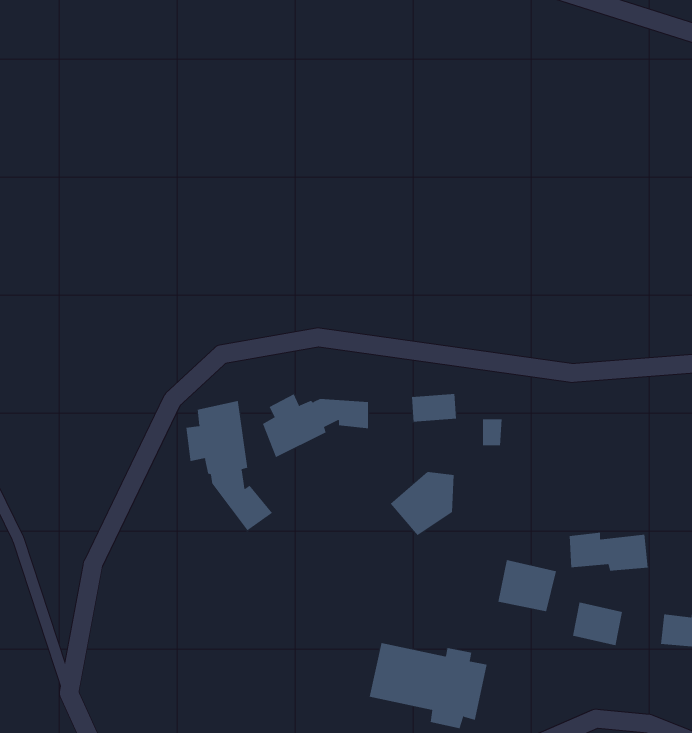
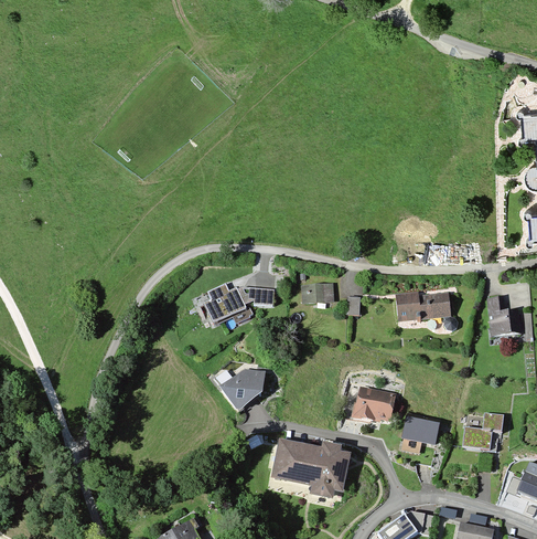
building: [186,400,273,531] -> none
building: [390,472,454,536] -> [222,371,264,413]
building: [569,532,648,571] -> [398,293,450,318]

